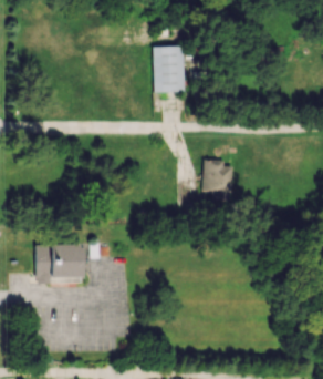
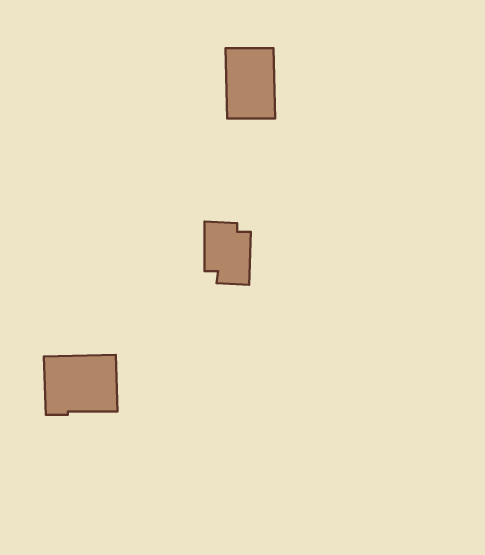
building: [202,160,232,201] -> [205,222,251,285]

